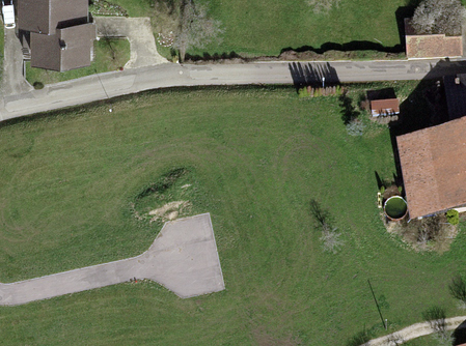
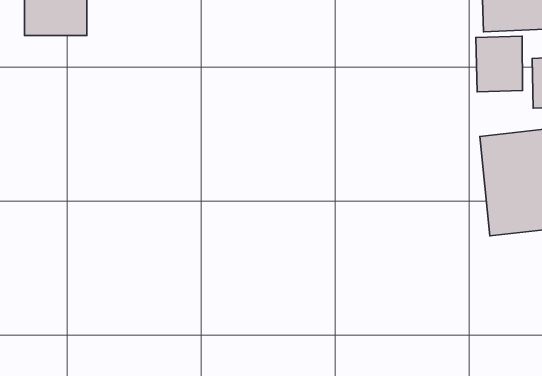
building: none -> [476,36,523,92]

